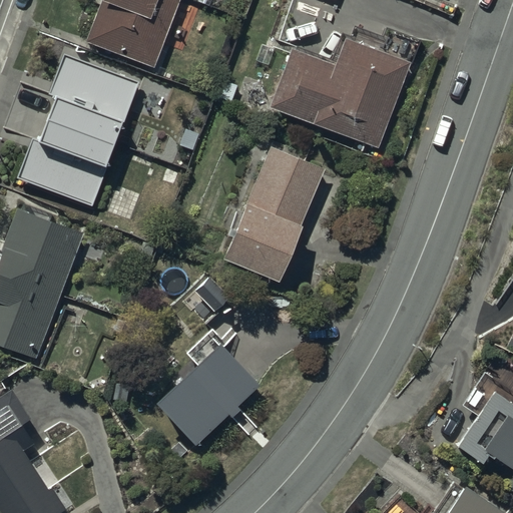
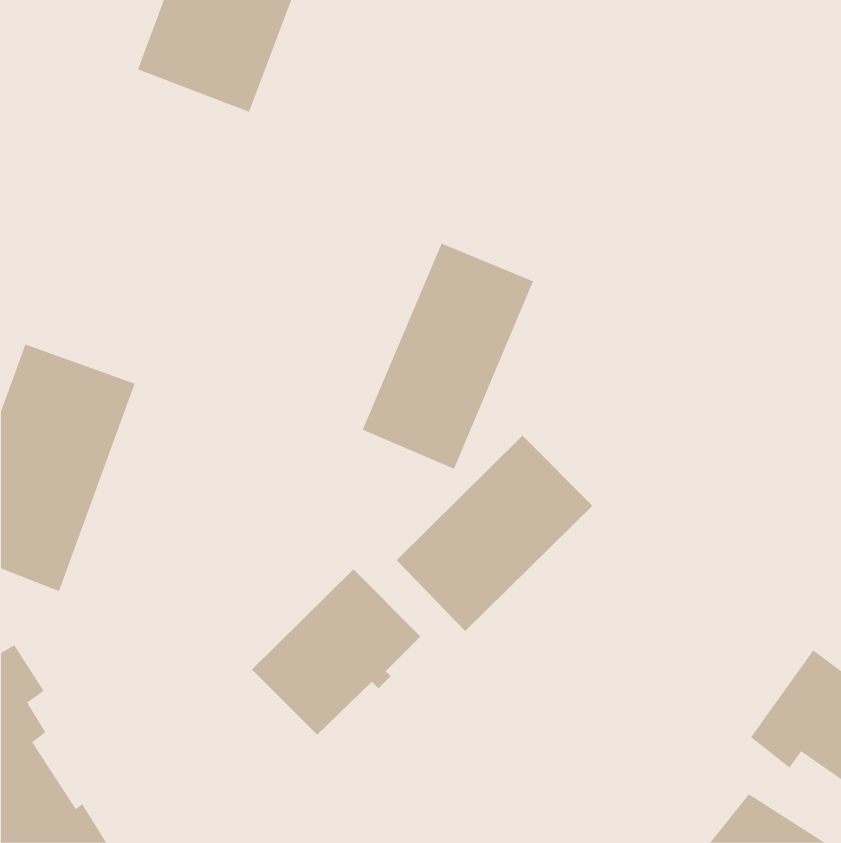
building: [268,31,413,148] -> none
building: [16,54,139,206] -> none
building: none -> [396,435,593,632]

